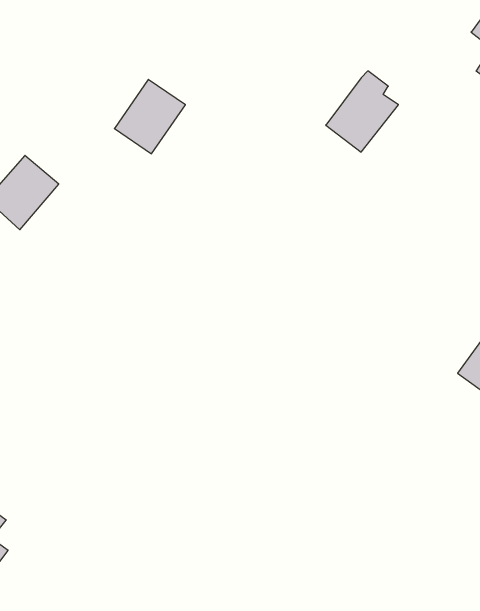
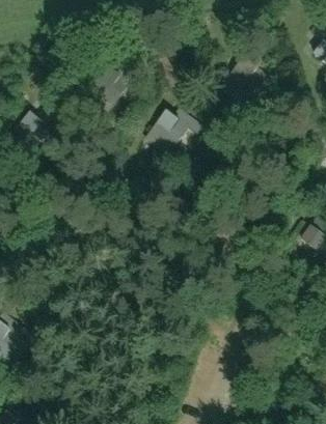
building: none -> [147,106,200,151]

